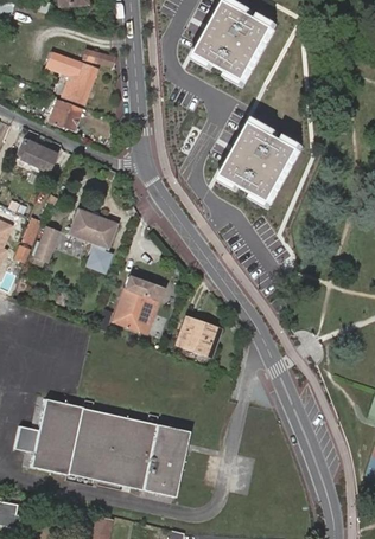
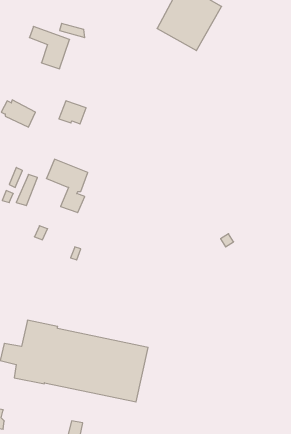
building: [50,100,82,127] -> [59,101,86,124]
building: [225,124,300,203] -> none
building: [114,276,163,331] -> none
building: [178,316,220,354] -> none

